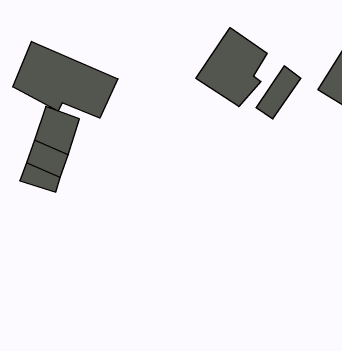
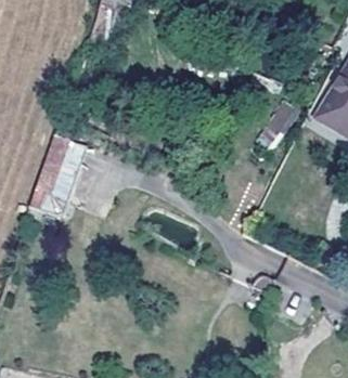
building: [196,28,267,107] -> none
building: [13,41,118,118] -> none

